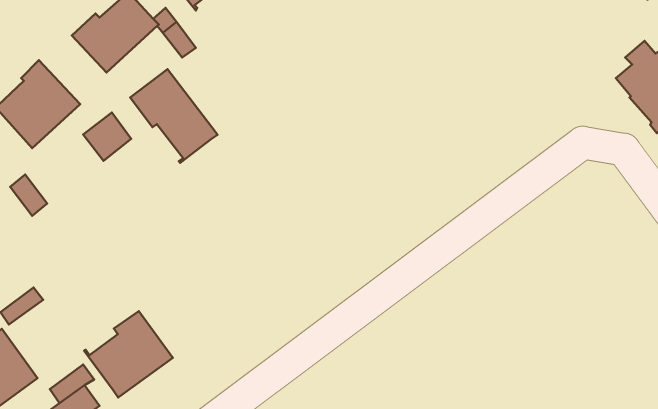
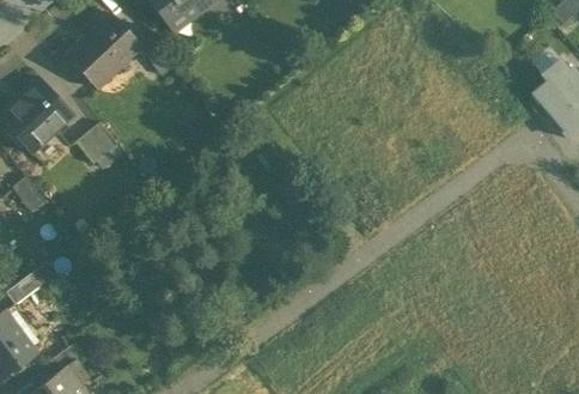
building: [130,69,217,163] -> none
building: [84,311,173,398] -> none

